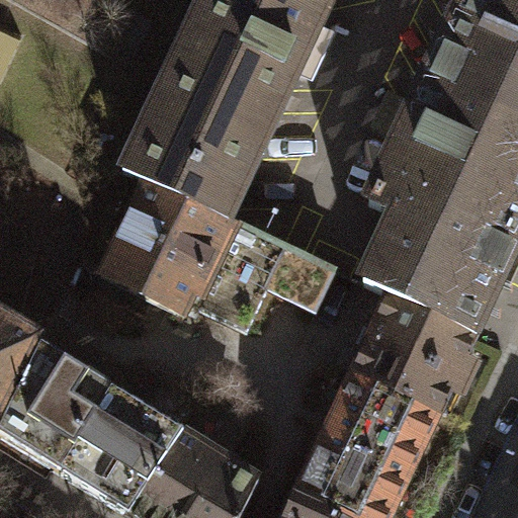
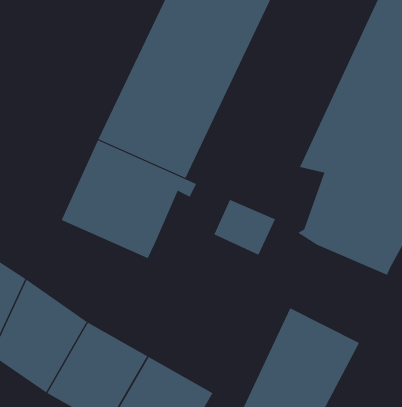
building: [192,225,281,321] -> none
building: [354,298,471,416] -> none

